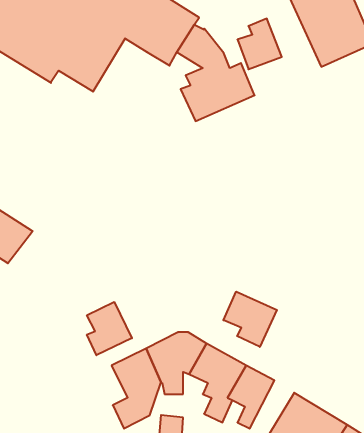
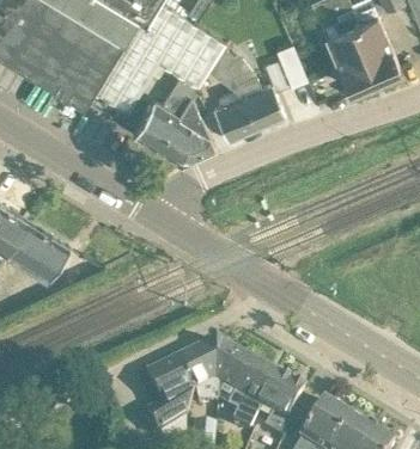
building: none -> [133,76,214,161]
building: [223,292,277,347] -> none
building: [87,302,132,355] -> none

